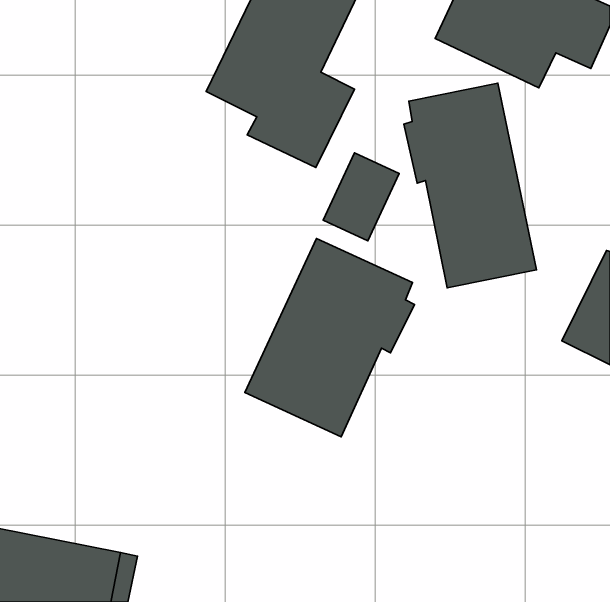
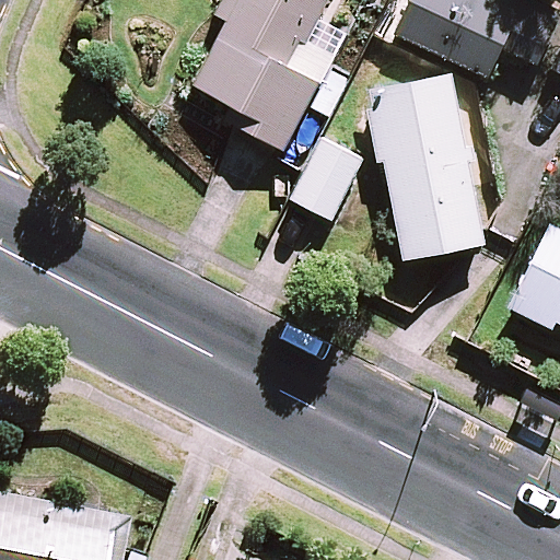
building: [245,238,414,437] -> none

